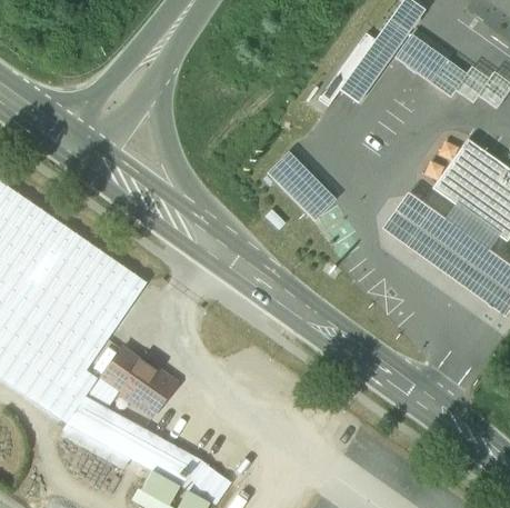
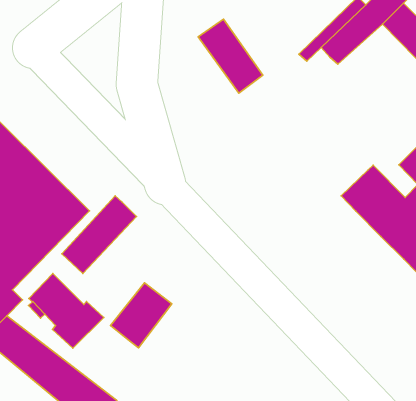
building: [266,152,333,220] -> [198,19,263,93]
building: none -> [62,196,136,273]
building: none -> [111,283,172,348]

